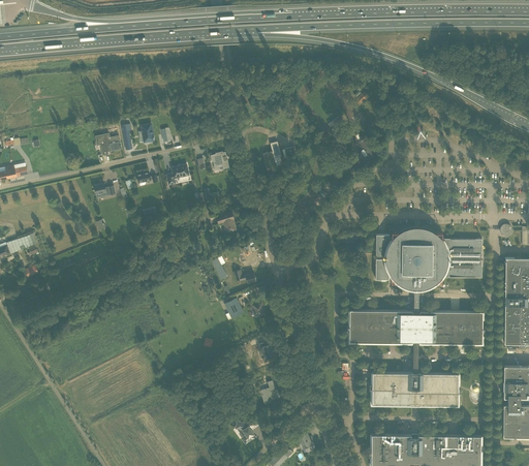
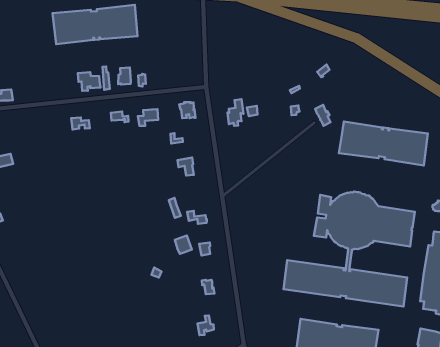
building: none -> [53,5,138,44]
building: none -> [339,121,428,165]

